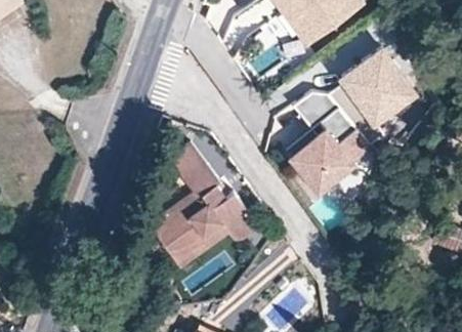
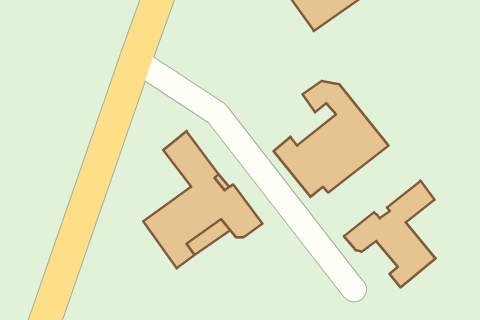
building: [334,44,416,127] -> none
building: none -> [344,181,436,287]

